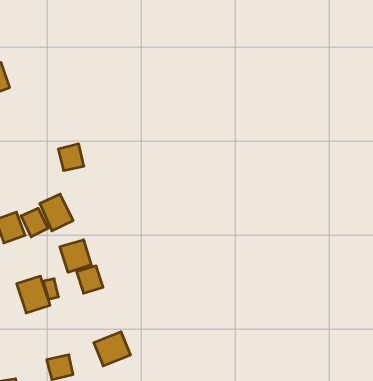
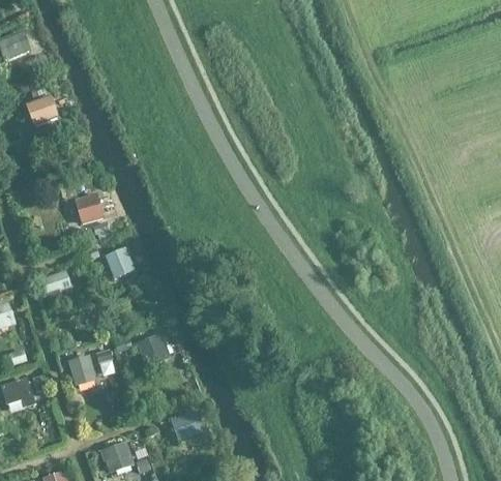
building: [58,144,84,170] -> [76,190,107,222]
building: [21,208,48,237] -> none
building: [60,240,91,272] -> none

